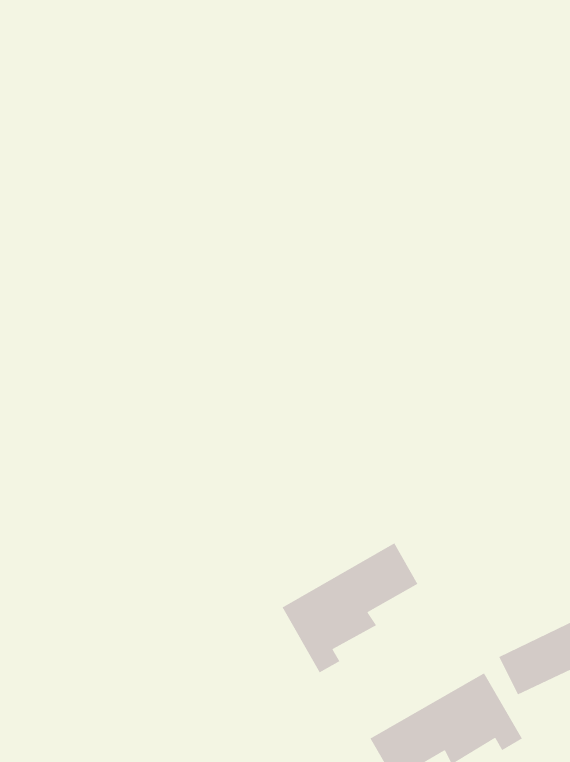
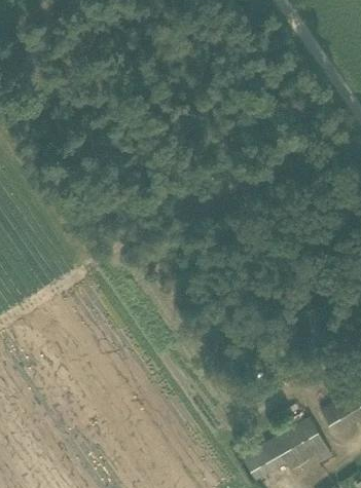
building: [282,542,418,673] -> none

